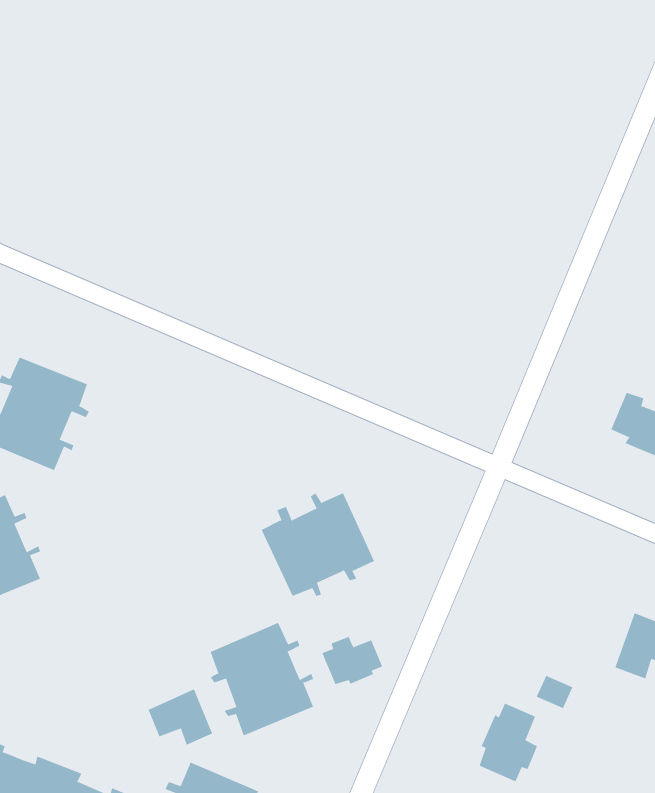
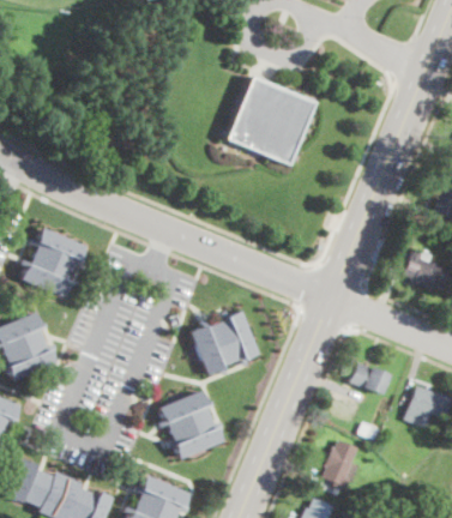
building: none -> [225,76,314,165]
building: none -> [351,362,391,394]
building: [322,636,383,685] -> none
building: [148,689,213,745] -> none

